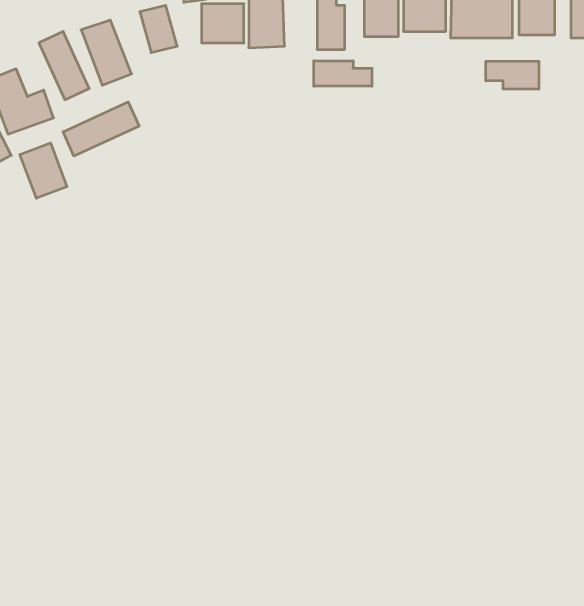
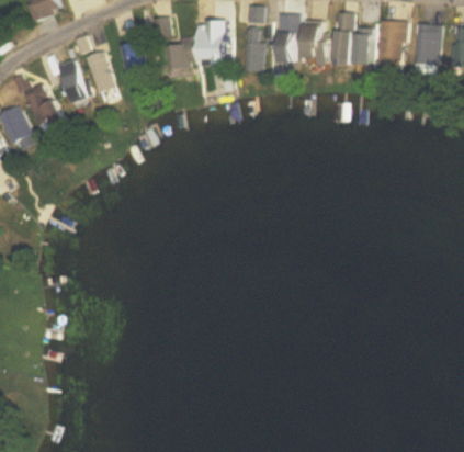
building: [314,61,372,86] -> none
building: [486,61,539,89] -> none
building: [63,102,139,156] -> none
building: [20,143,67,198] -> none

